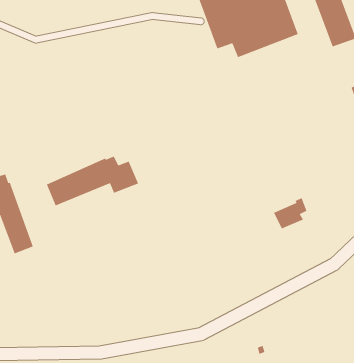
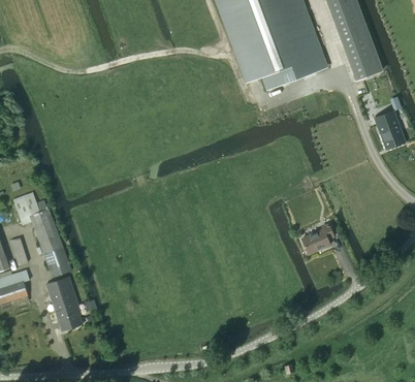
building: [46,155,139,207] -> none
building: none -> [45,277,82,331]

